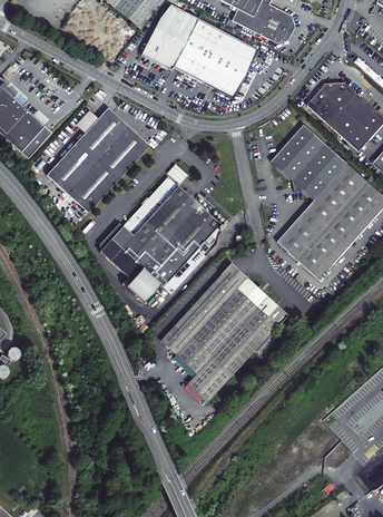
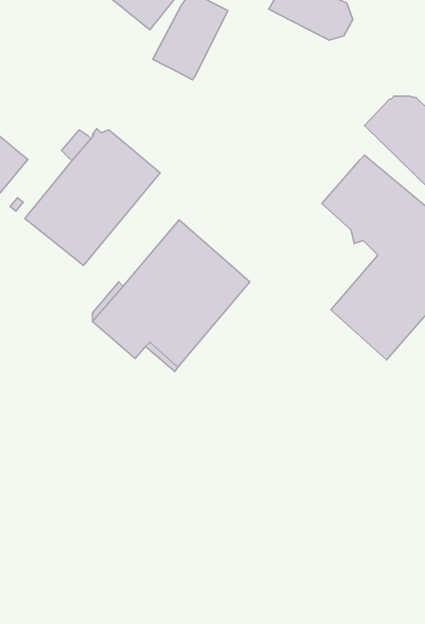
building: [175,18,261,97] -> none
building: [159,262,287,401] -> none

